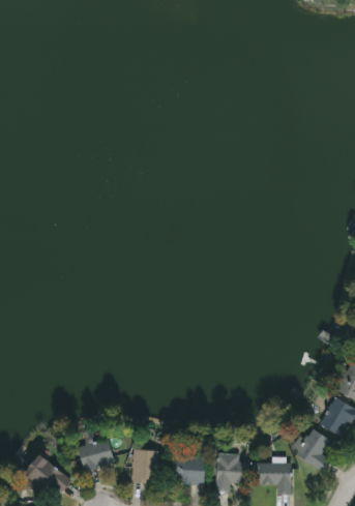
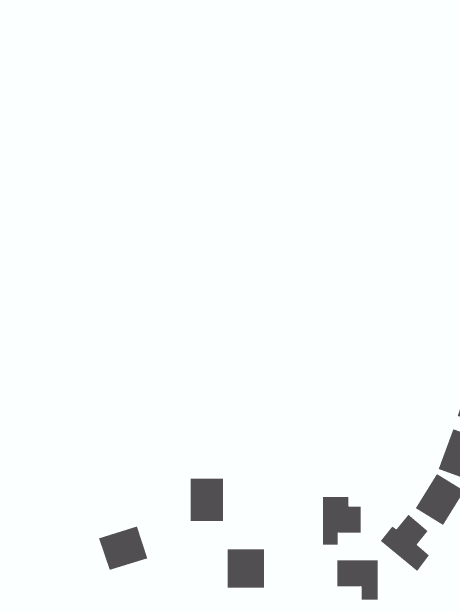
building: [131,449,157,482] -> [190,478,224,522]
building: [23,453,70,497] -> none
building: [217,453,247,490] -> [322,497,361,545]

